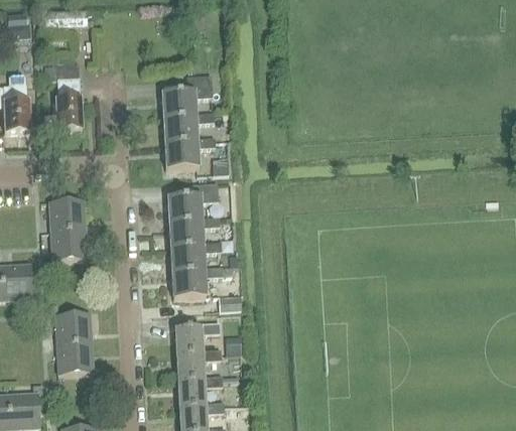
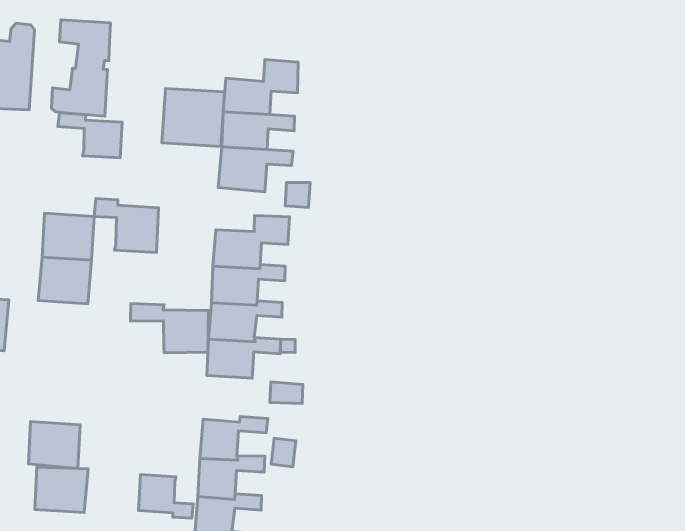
building: none -> [162,88,224,146]
building: none -> [58,113,122,158]
building: none -> [94,198,159,253]
building: none -> [130,304,208,353]
building: [55,312,92,344] -> [35,467,88,513]
building: none -> [139,474,193,518]

